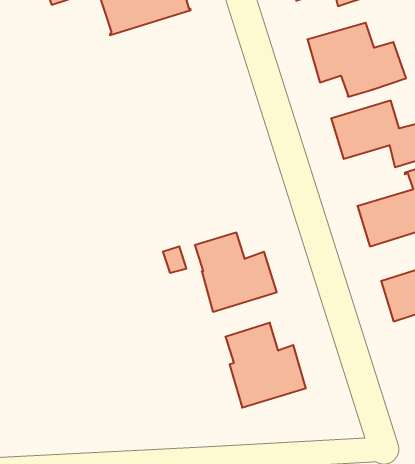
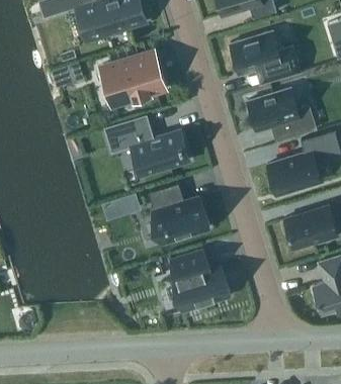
building: none -> [102,53,165,105]
building: none -> [103,114,187,176]

